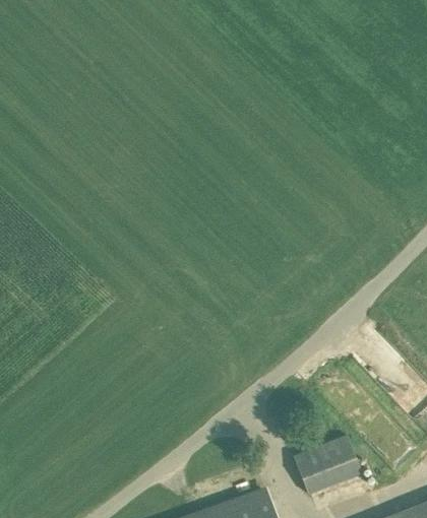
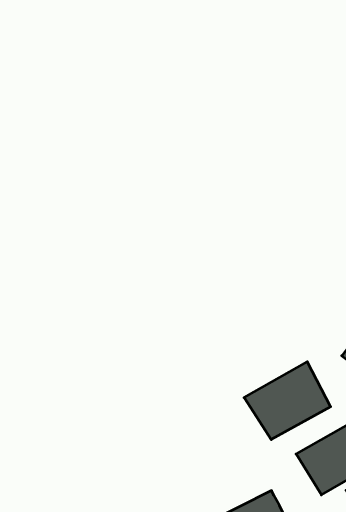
building: none -> [244,362,331,440]

